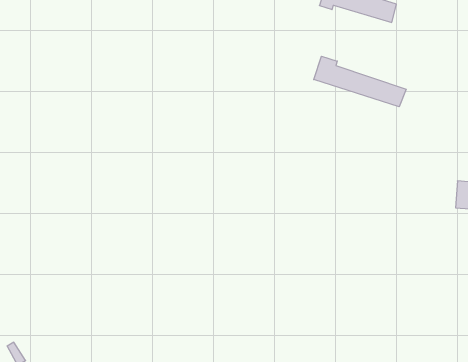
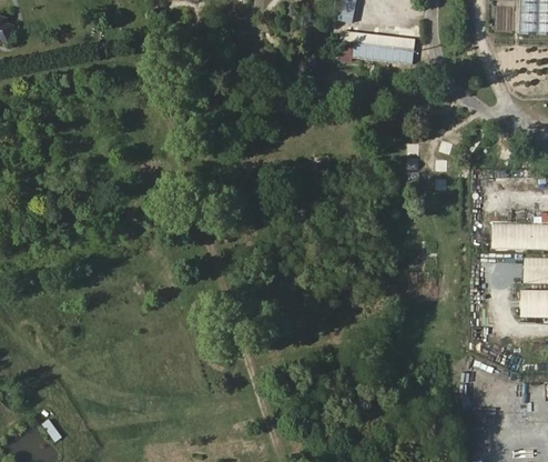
building: [314,56,406,107] -> none

